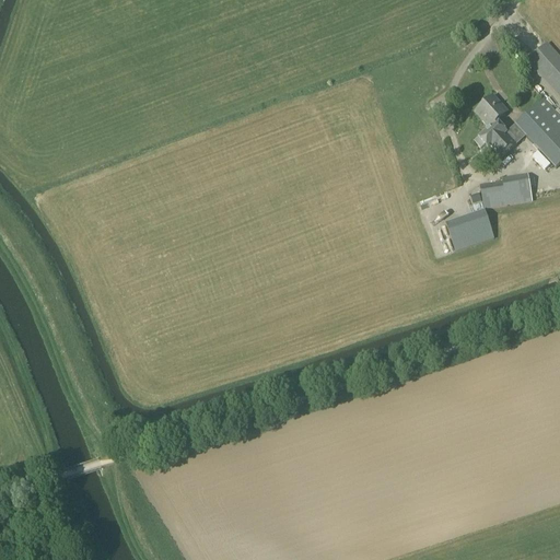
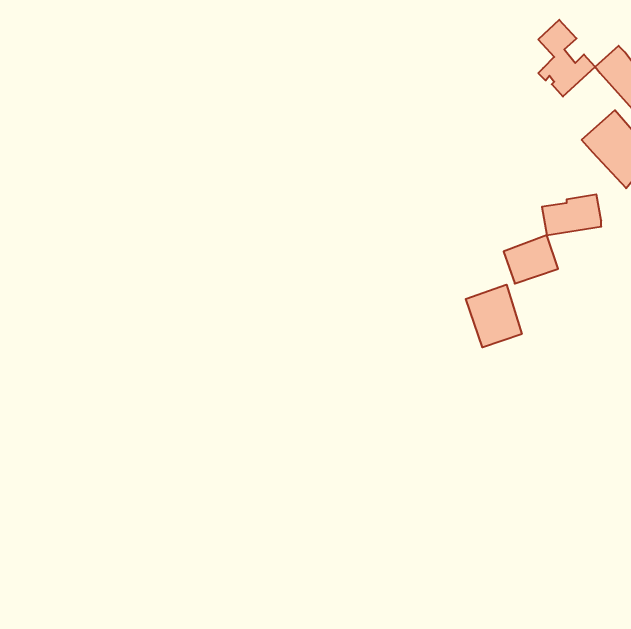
building: [475,93,525,161] -> [538,20,595,97]
building: none -> [466,285,522,347]

